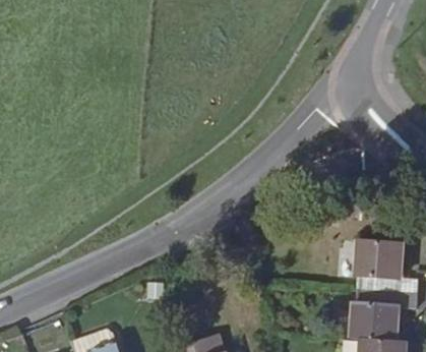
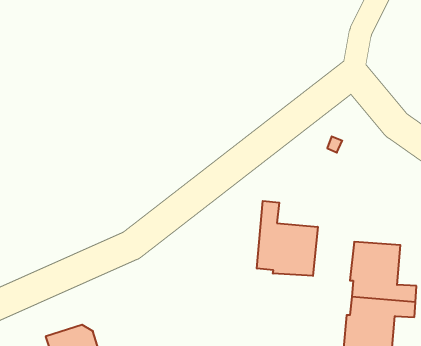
building: none -> [257,201,318,276]

